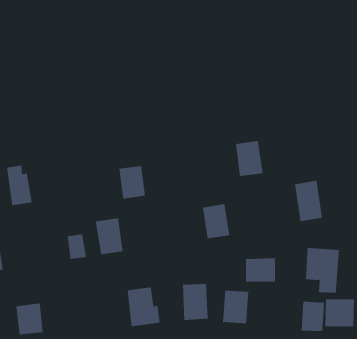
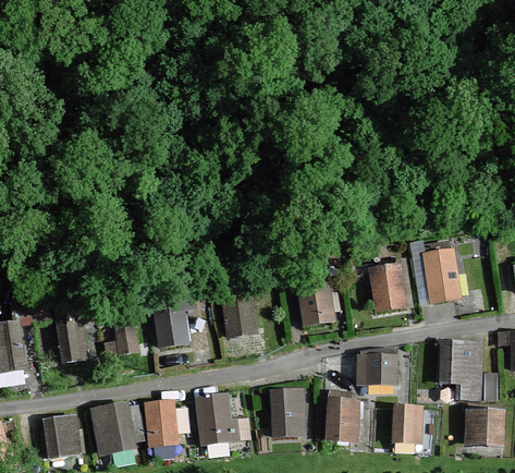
building: [235,141,263,177] -> [369,264,407,313]
building: [6,165,32,206] -> [53,307,89,363]
building: [119,165,146,199] -> [221,293,258,339]
building: none -> [145,400,179,448]
building: none -> [89,401,137,456]
building: [301,301,325,331] -> [391,403,424,445]

